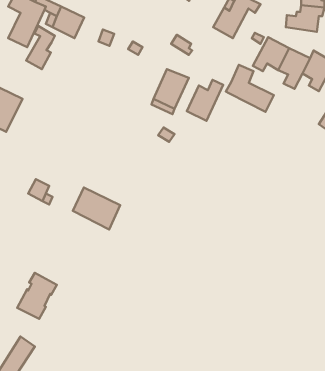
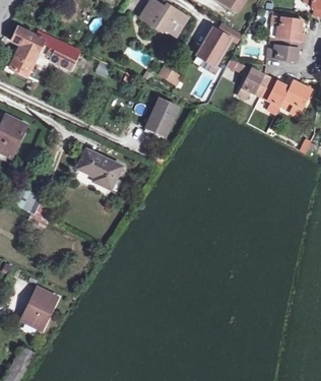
building: [26,26,55,69] -> none
building: [226,65,274,112] -> none
building: [187,80,223,121] -> none
building: [73,188,120,229] -> [78,151,122,190]

